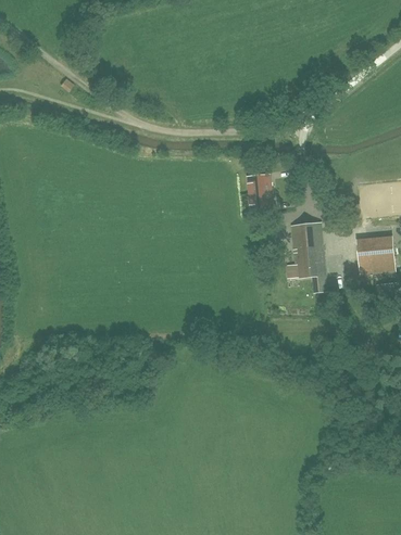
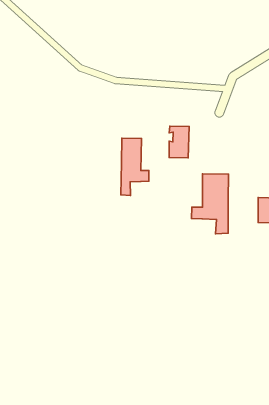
building: none -> [121,138,149,195]

